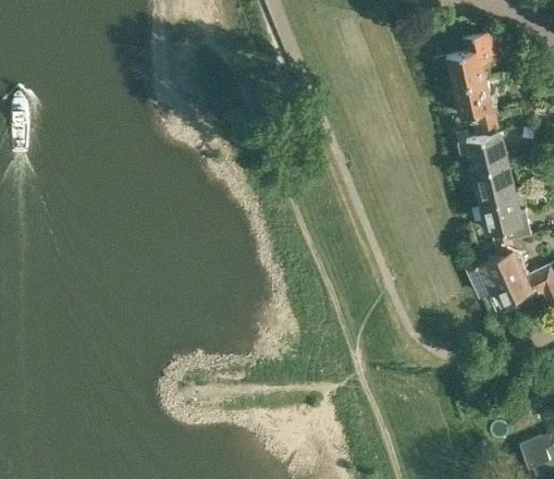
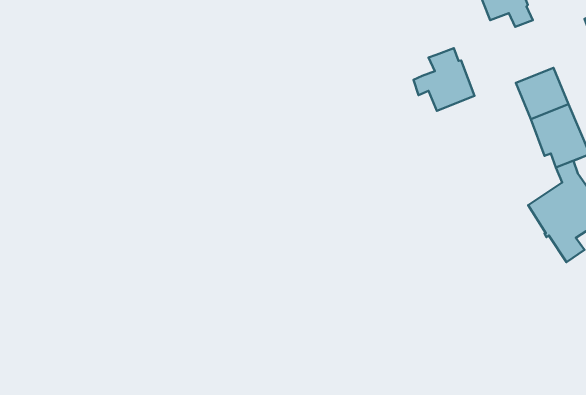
building: [458,120,506,169] -> [413,48,475,111]

